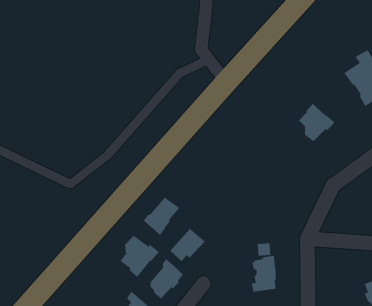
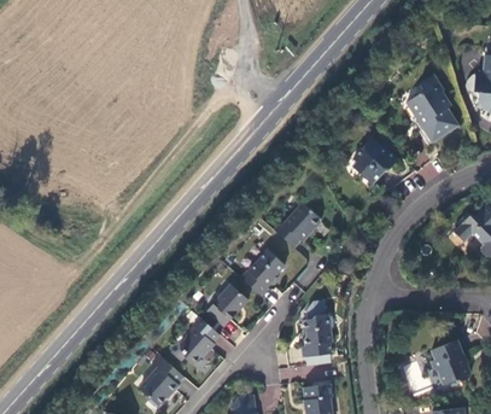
building: none -> [271,204,318,250]
building: [143,197,180,236] -> [240,252,284,298]
building: [120,235,159,277] -> none

